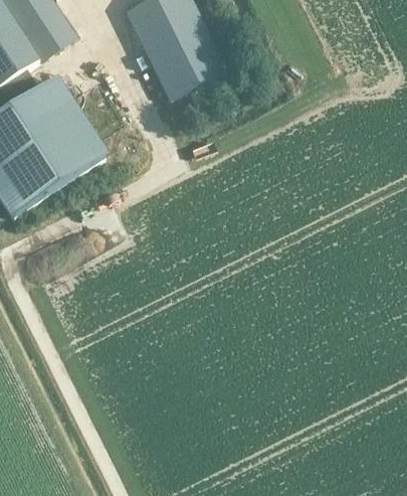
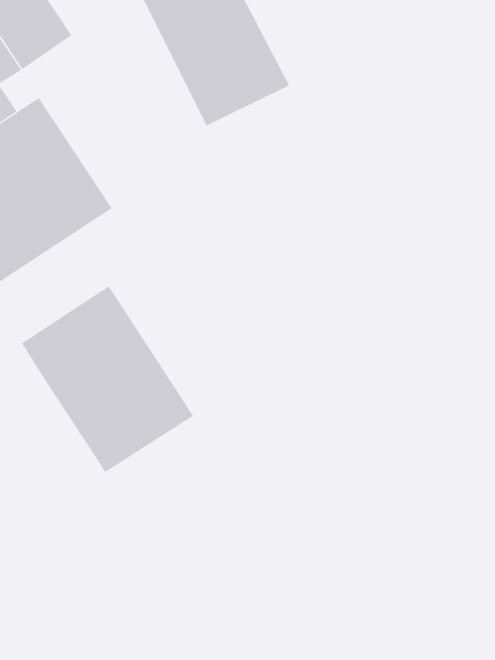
building: none -> [21,286,194,473]

